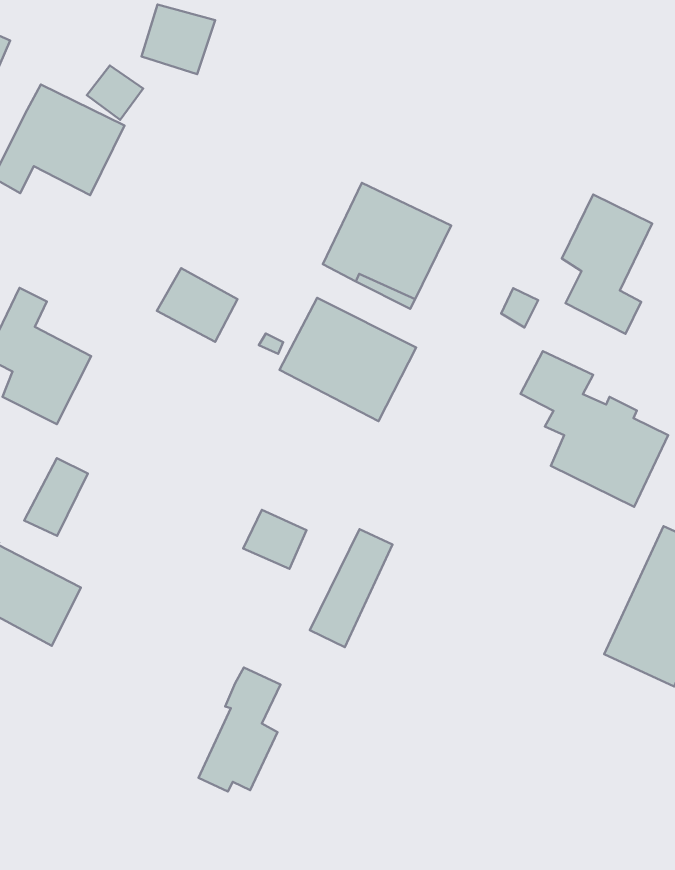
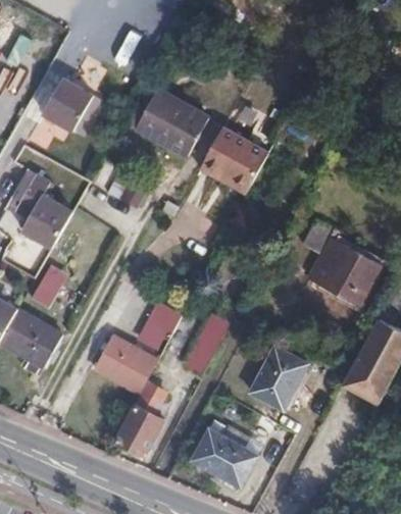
building: [562,194,652,334] -> none
building: [279,298,416,421] -> [135,88,209,156]
building: none -> [93,333,158,392]
building: none -> [253,349,312,412]
building: none -> [191,424,259,486]

